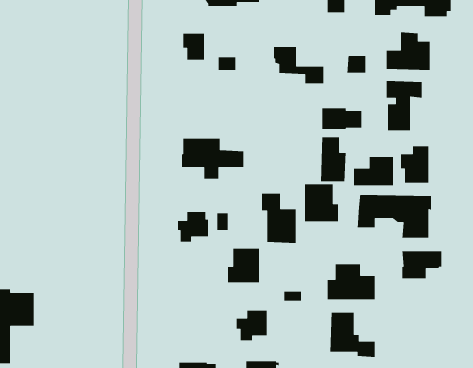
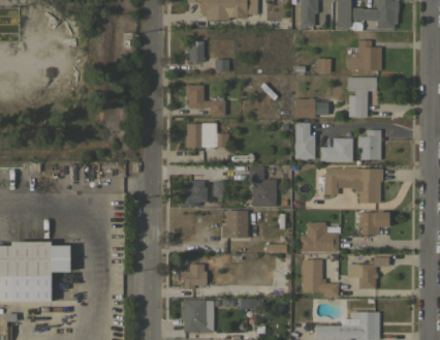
building: [273,46,324,84] -> [186,85,226,115]
building: [304,183,339,222] -> none
building: none -> [348,256,389,288]
building: [236,310,267,341] -> [182,265,207,289]

